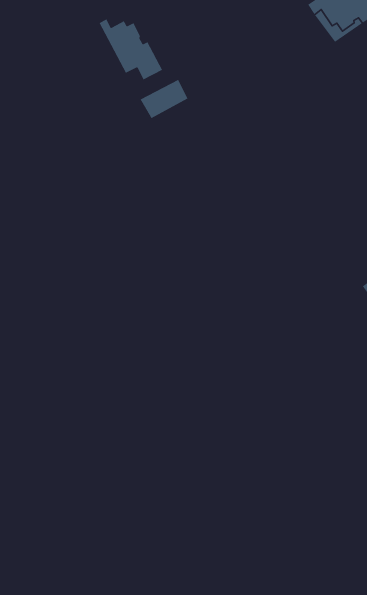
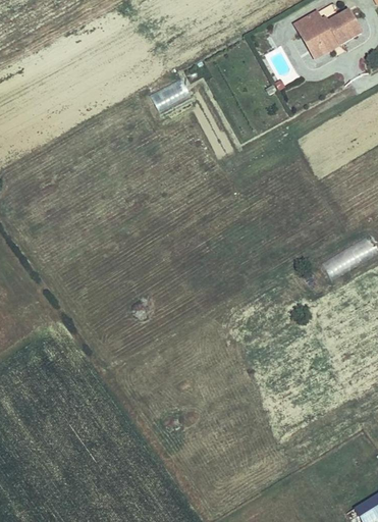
building: [99,18,163,81] -> none

